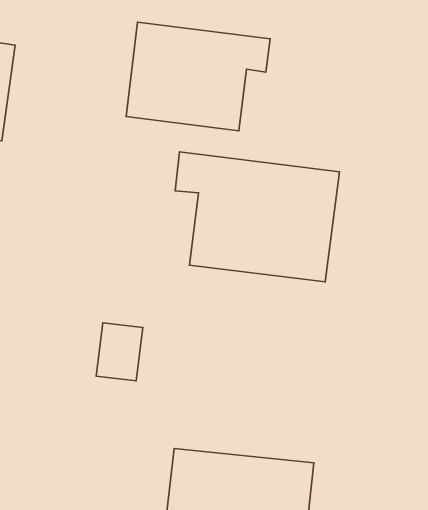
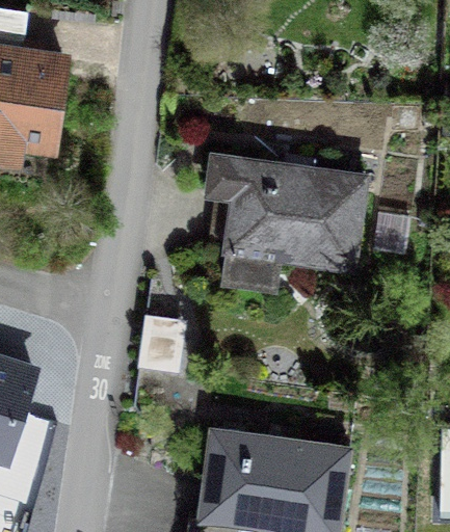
building: [126,22,270,131] -> none

